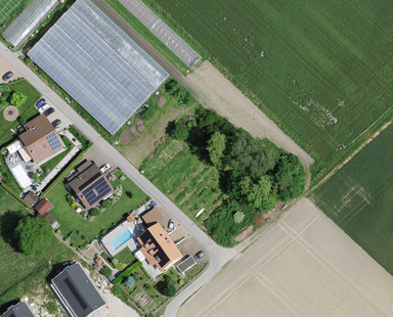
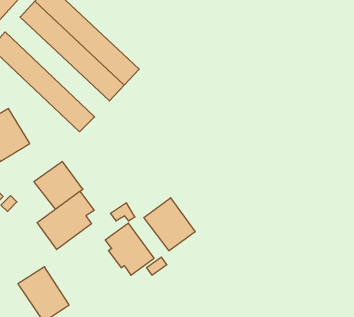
building: [40,25,140,121] -> none
building: none -> [37,191,94,250]
building: none -> [144,198,195,251]

